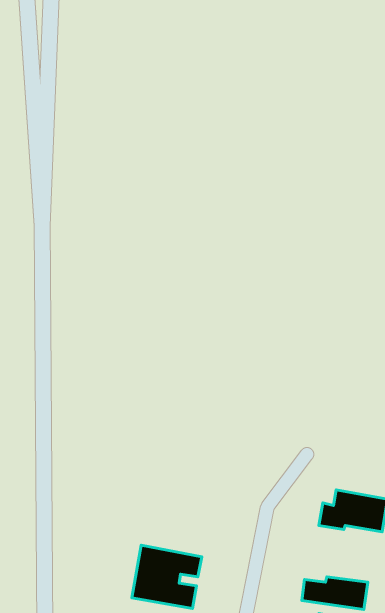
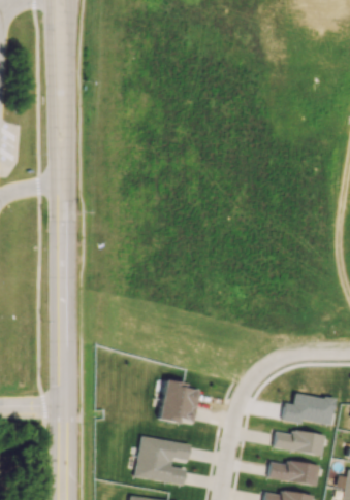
building: none -> [159,380,199,423]
building: none -> [273,429,325,455]

